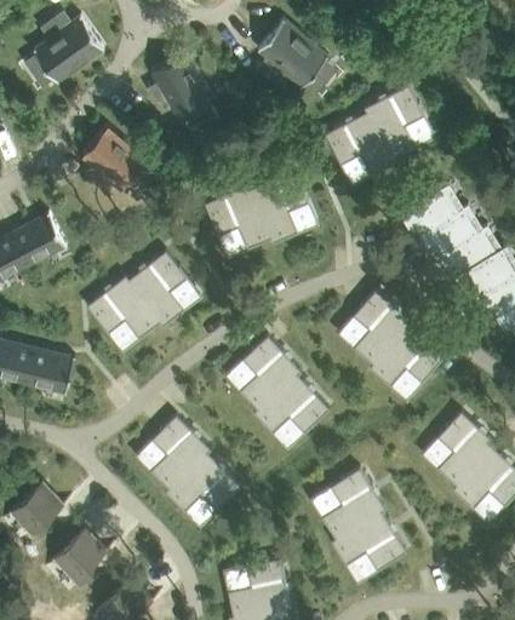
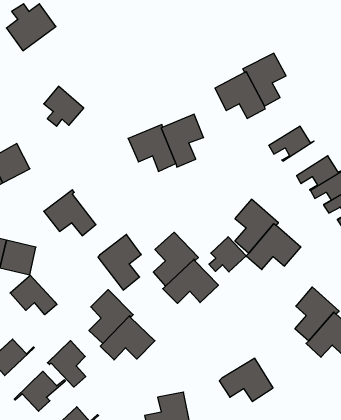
building: [258,22,325,86] -> none
building: [150,57,207,119] -> none
building: [418,208,481,257] -> none
building: [125,251,185,328] -> [98,234,141,290]
building: none -> [209,237,246,272]
building: none -> [10,275,57,315]
building: [320,469,384,539] -> none
building: none -> [47,341,86,387]

